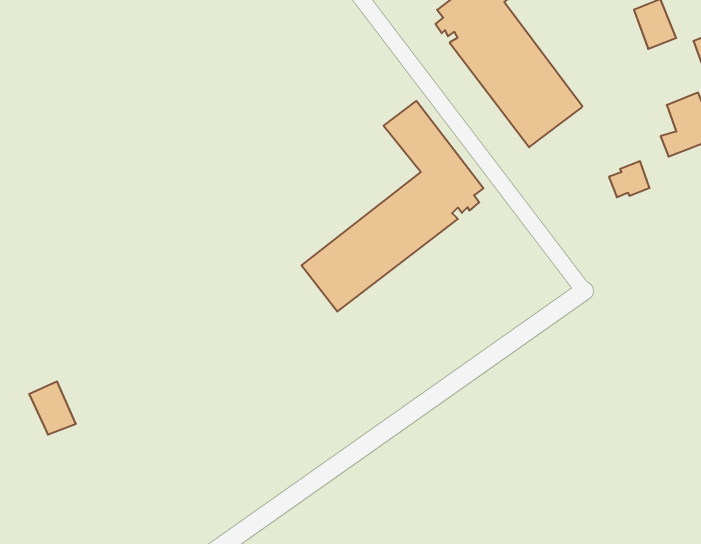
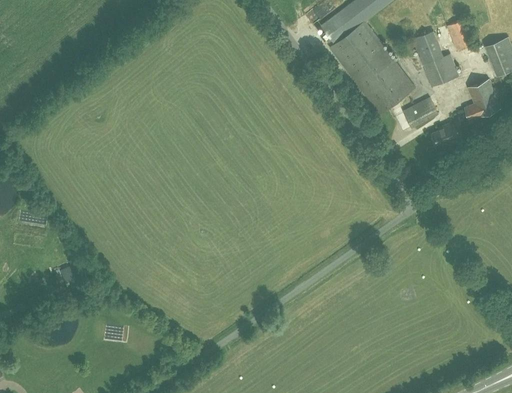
building: none -> [412,31,459,87]
building: [302,101,483,312] -> none
building: none -> [402,97,438,128]

